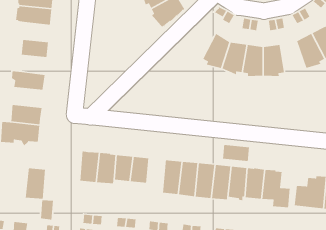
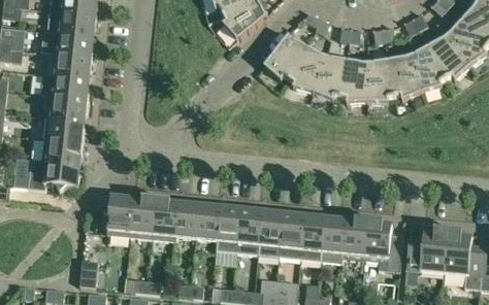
building: none -> [48,29,94,55]
building: none -> [264,34,306,77]
building: none -> [389,54,422,98]
building: none -> [42,71,90,97]
building: none -> [44,113,85,139]
building: [222,144,250,162] -> none
building: none -> [217,204,241,249]
building: [25,168,46,200] -> [107,193,134,234]

